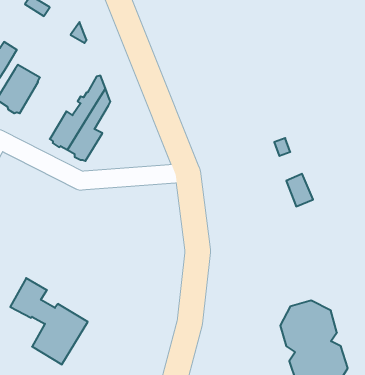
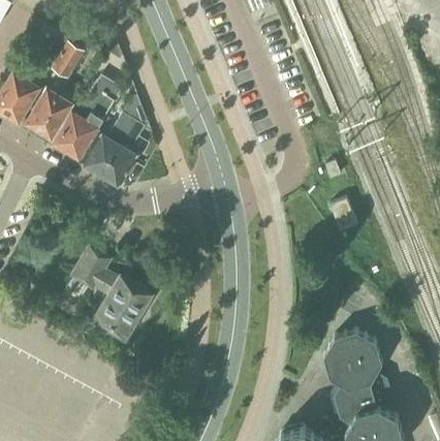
building: none -> [50,43,84,82]
building: none -> [55,86,119,157]
building: [10,278,88,364] -> [70,250,151,340]

